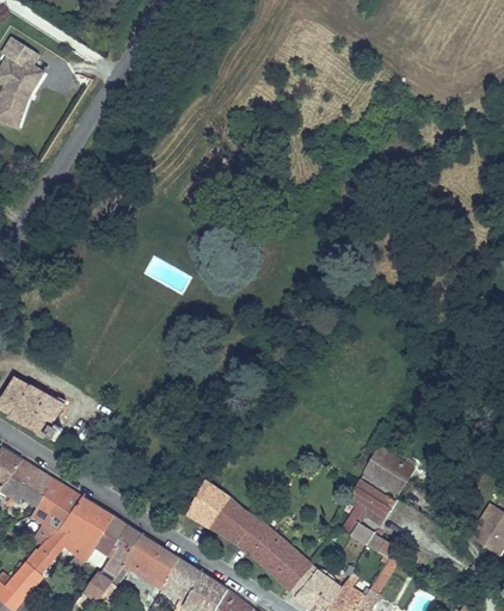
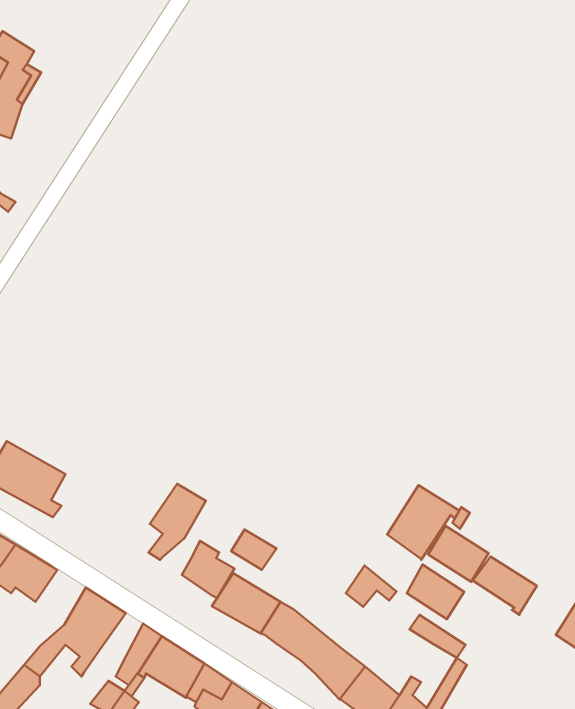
building: none -> [387,485,459,560]
building: none -> [231,529,277,570]
building: none -> [182,541,235,598]
building: none -> [472,556,537,615]
building: none -> [346,565,397,607]
building: [31,482,79,545] -> [149,484,206,560]
building: [91,518,127,558] -> none

